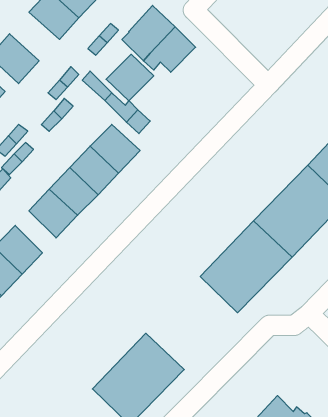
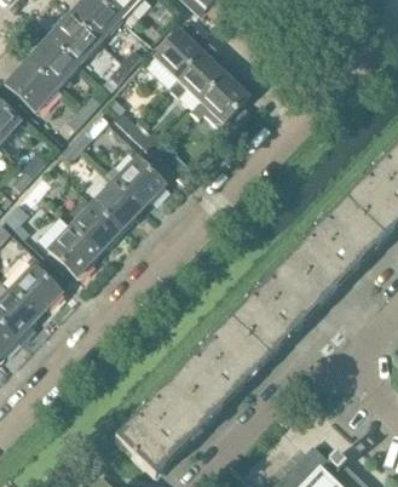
building: none -> [27,35,80,87]
building: [106,54,154,101] -> [198,73,249,122]
building: none -> [172,317,270,417]

